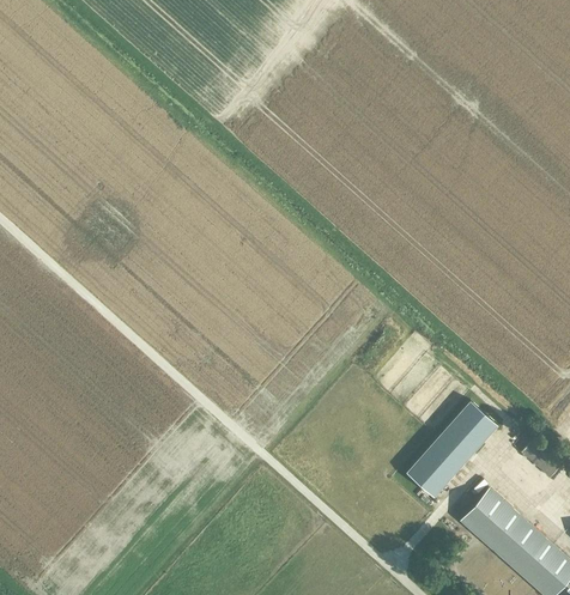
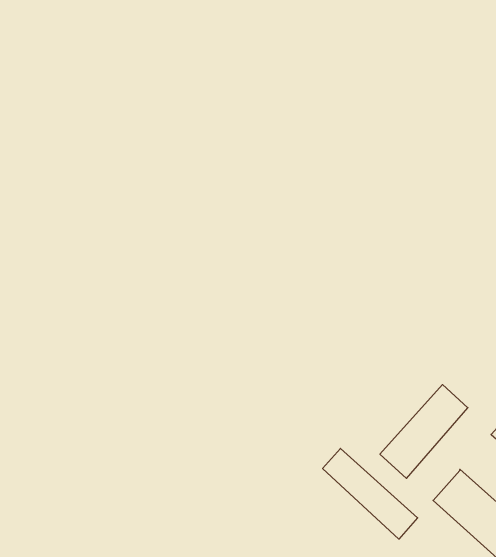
building: none -> [323,448,418,539]

